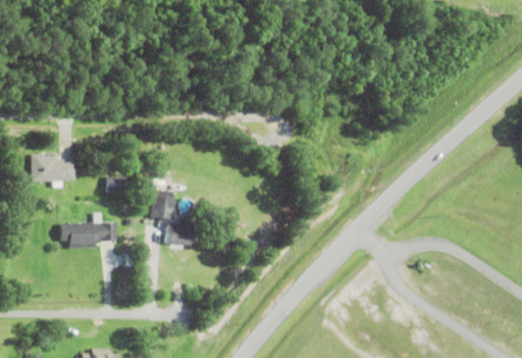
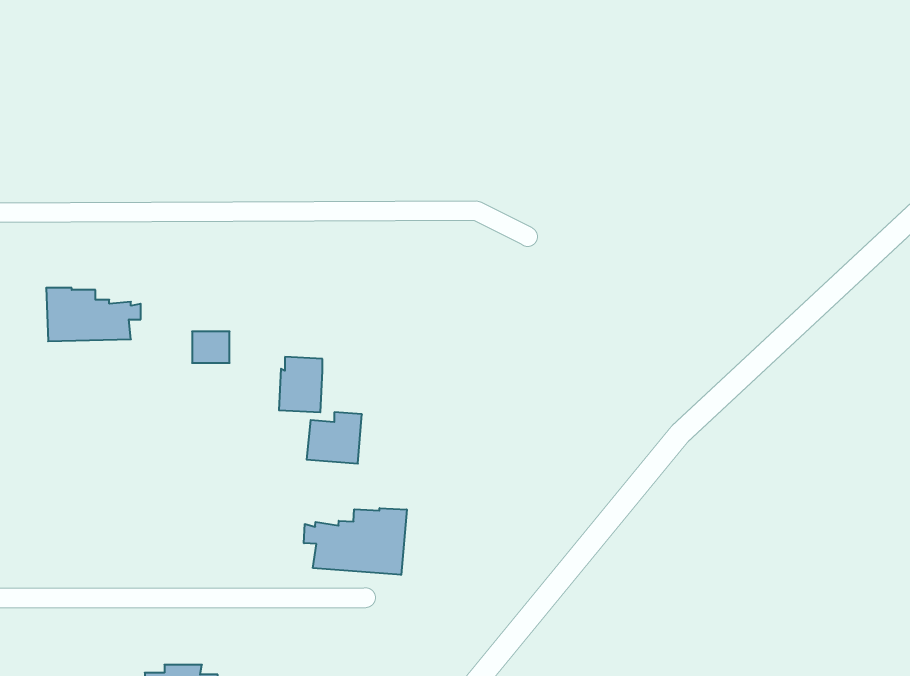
building: [59,222,117,249] -> none
building: none -> [304,508,407,575]

